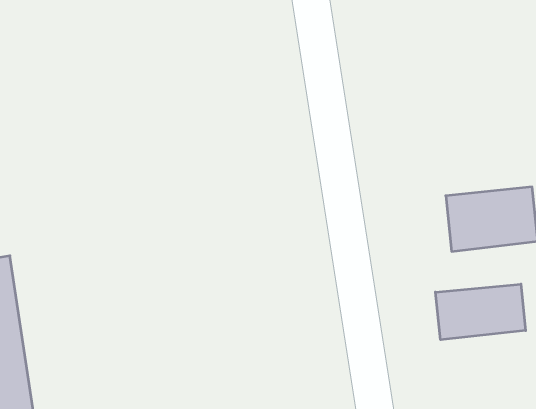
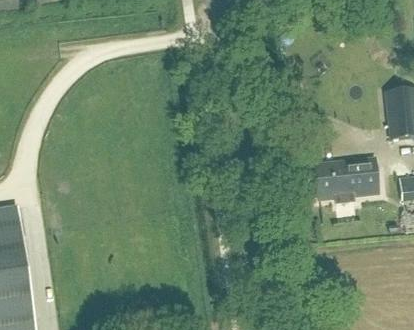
building: [435,284,526,340] -> none

